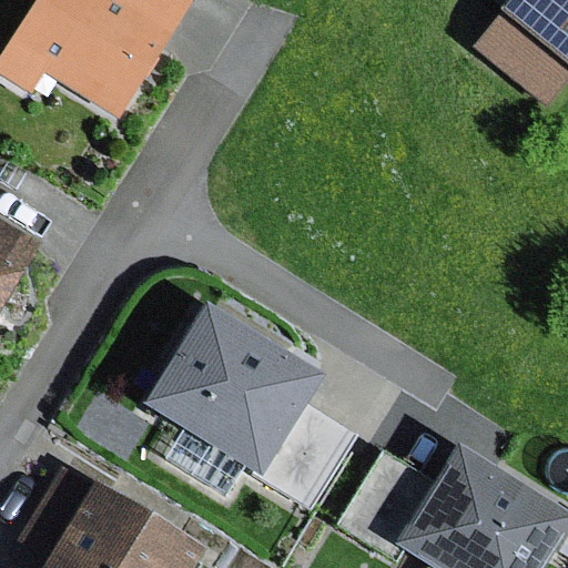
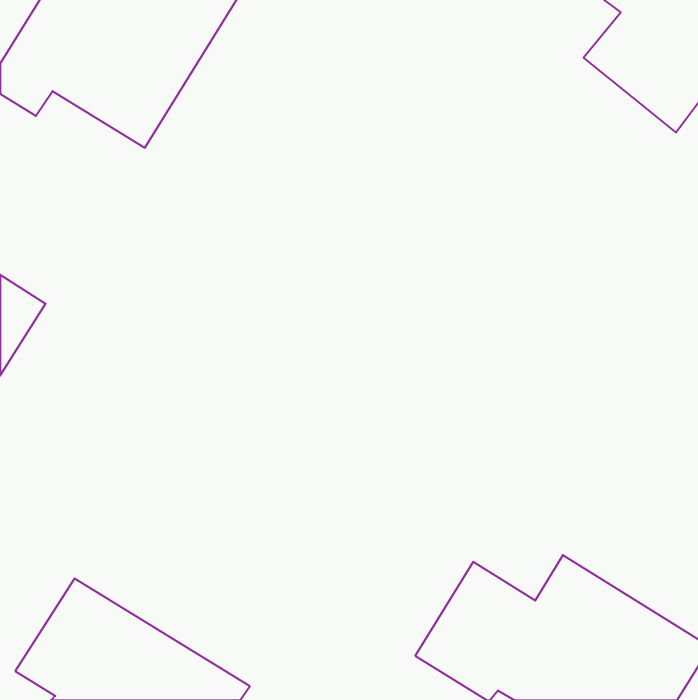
building: [143,305,361,511] -> none

